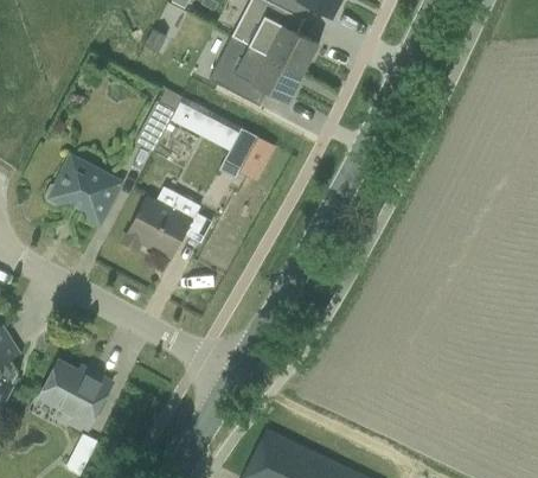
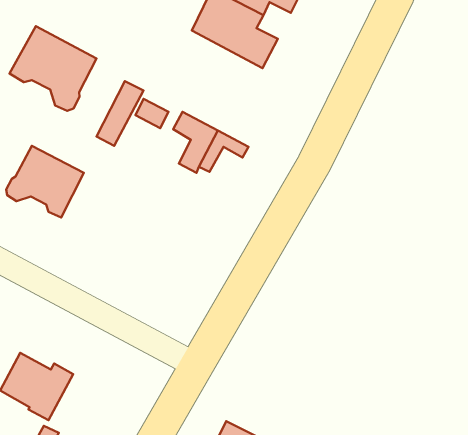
building: none -> [9,26,96,111]
building: [207,36,302,106] -> none
building: [121,187,199,259] -> none

